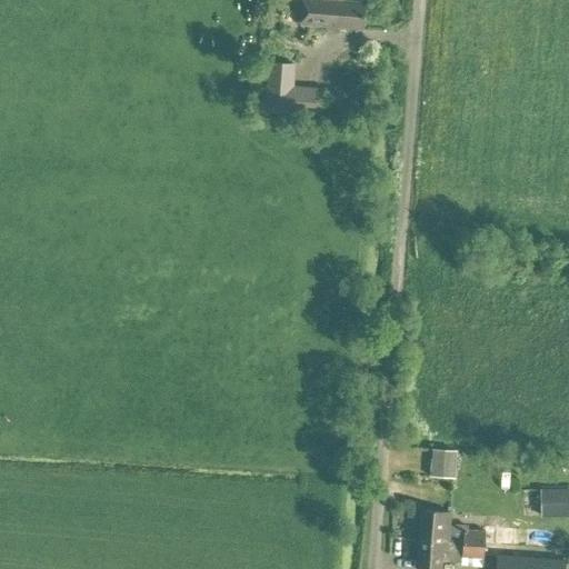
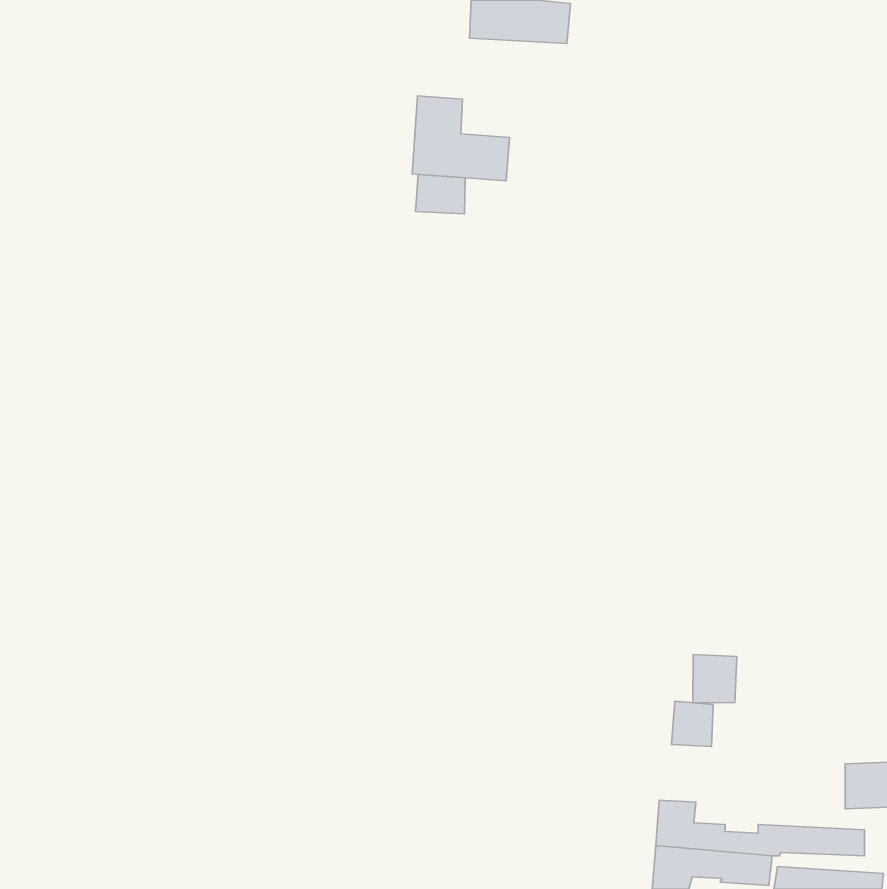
building: none -> [415,174,465,214]
building: none -> [693,654,737,703]

